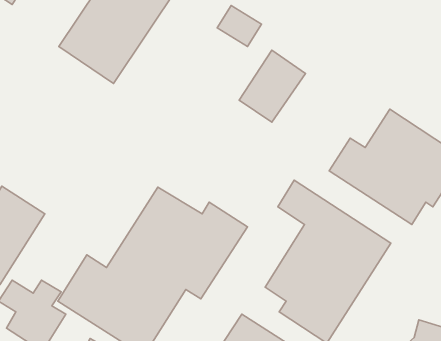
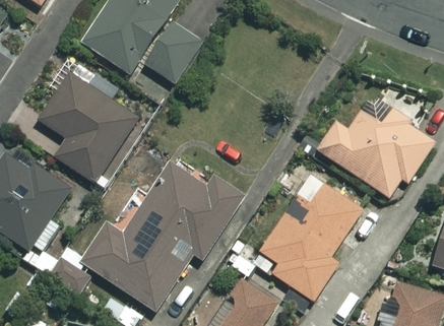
building: [239,50,306,122] -> [144,21,202,84]
building: none -> [38,72,139,185]

